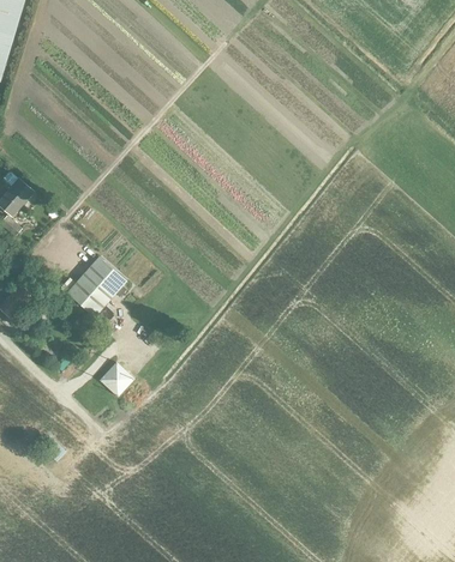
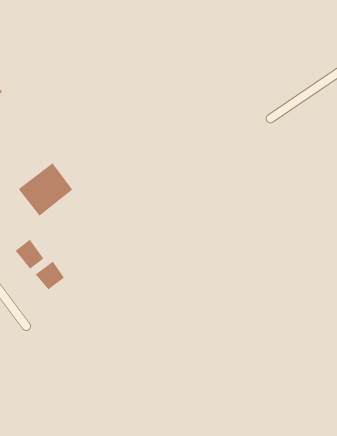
building: none -> [15,239,44,270]

